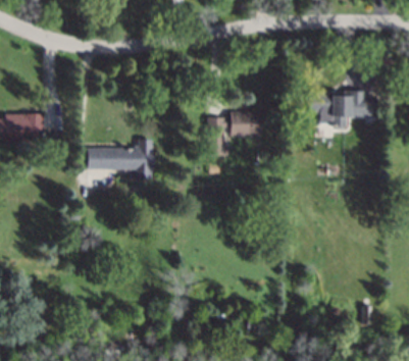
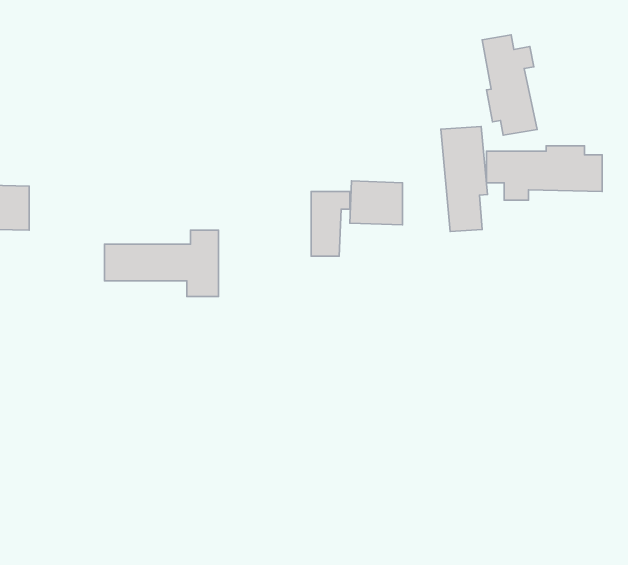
building: none -> [482,35,537,135]
building: none -> [441,126,488,232]

